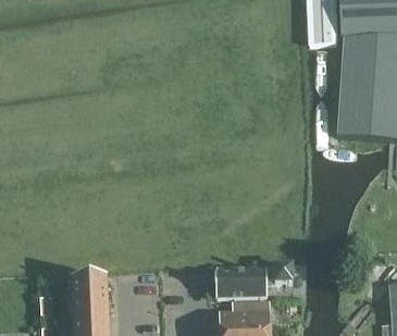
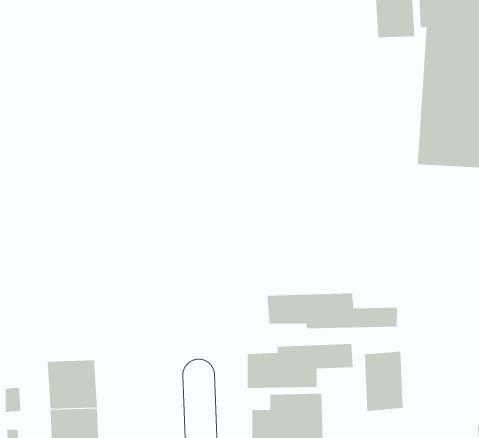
building: none -> [267,292,398,329]
building: none -> [365,351,403,412]

